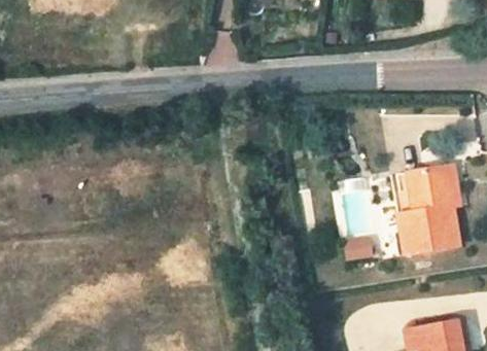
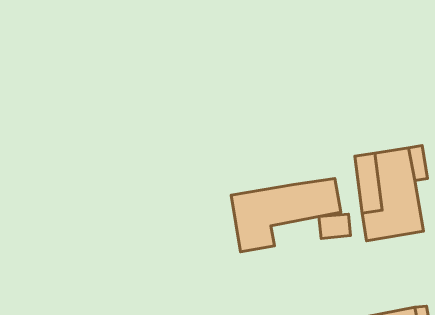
building: none -> [231,179,341,252]

